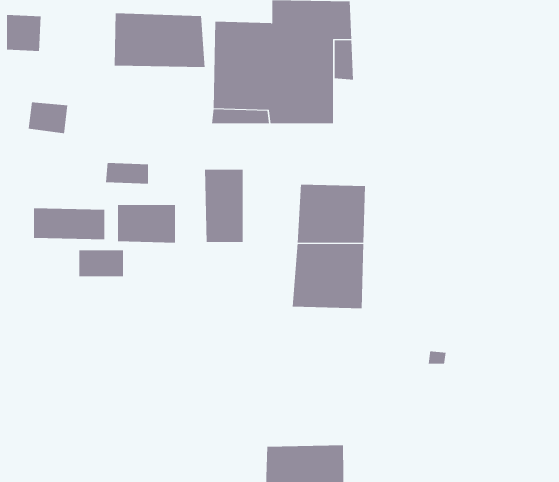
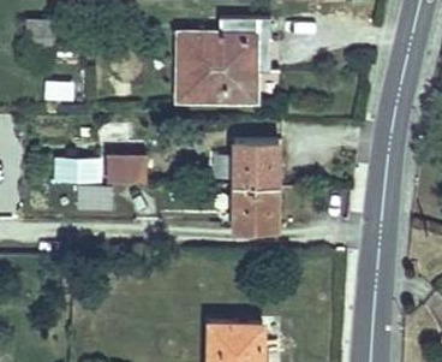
building: [114,13,205,68] -> none
building: [205,169,243,243] -> none

